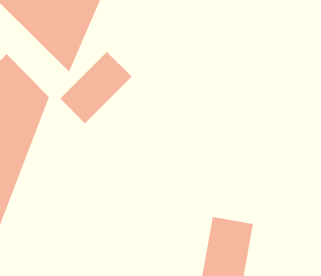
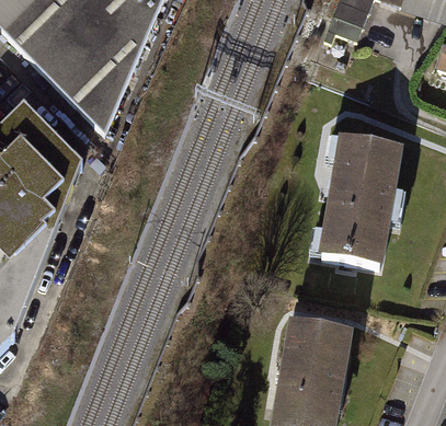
building: [59,51,132,124] -> none
building: none -> [323,138,399,264]

